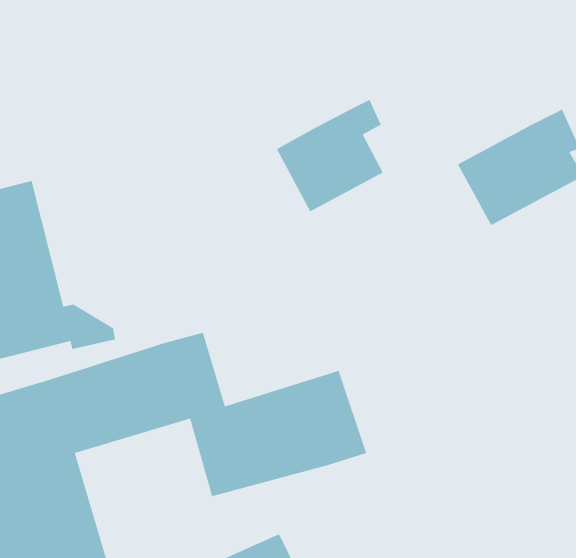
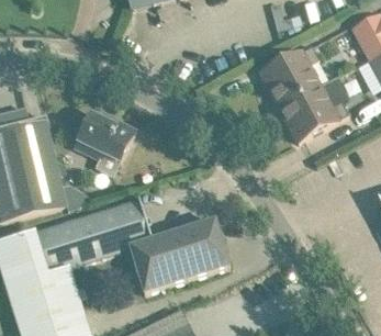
building: [276,99,384,213] -> [261,44,321,107]
building: none -> [78,112,137,161]

